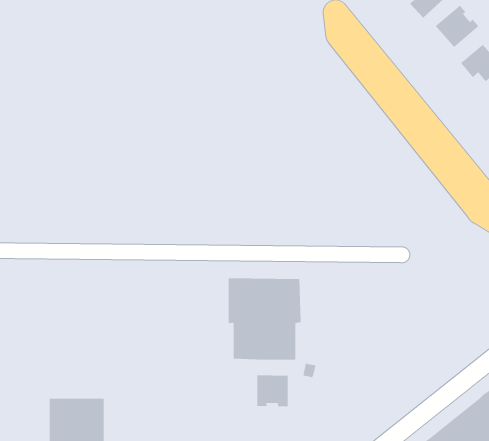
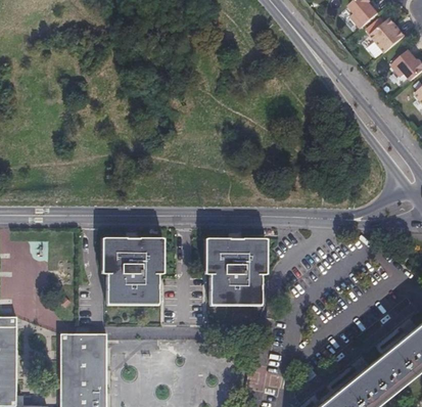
building: none -> [103,237,161,303]
building: [257,375,288,407] -> none

